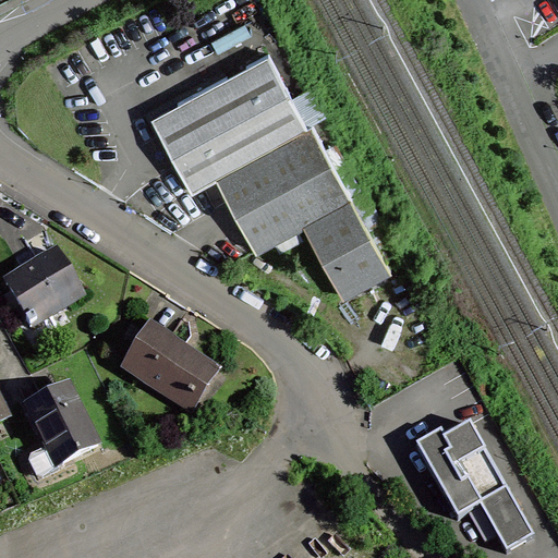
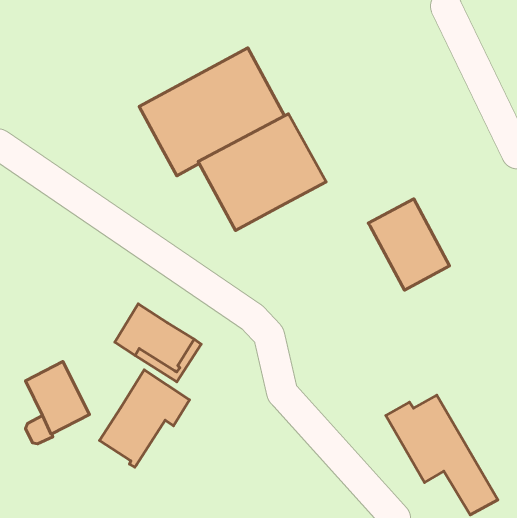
building: [301,195,388,293] -> [368,199,449,290]
building: [4,252,81,326] -> none
building: none -> [99,370,189,467]

